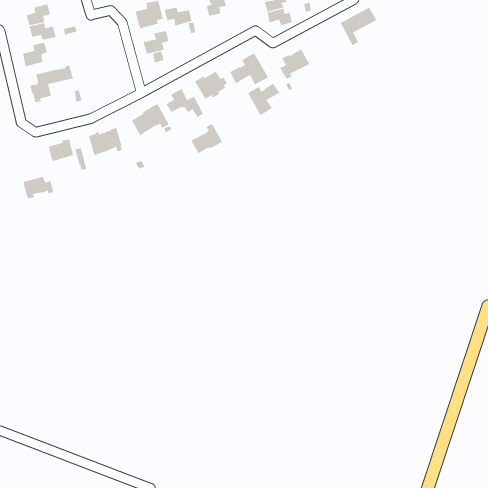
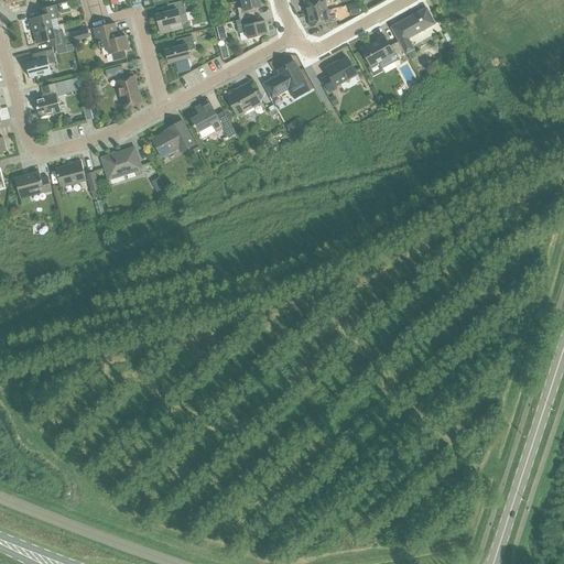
building: [164,7,193,26] -> [235,17,268,39]
building: none -> [94,22,129,59]
building: none -> [360,36,405,70]
building: none -> [105,65,140,106]
building: [247,83,280,116] -> none
building: [191,123,223,154] -> none
building: [22,176,54,199] -> [14,171,51,197]

